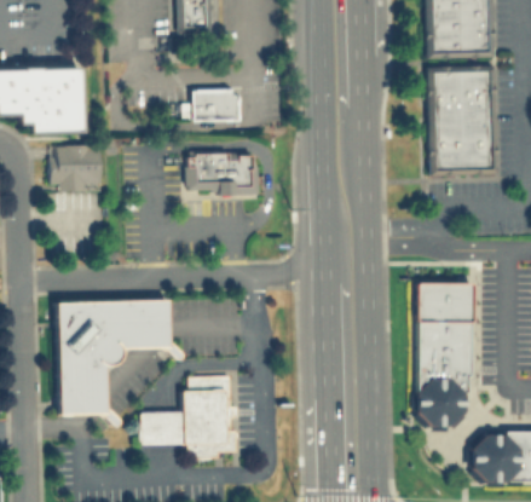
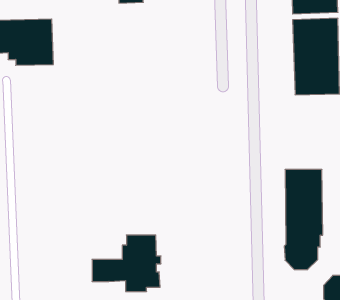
building: [183,88,239,121] -> none
building: [50,145,99,190] -> none
building: [185,152,259,195] -> none
building: [53,300,168,415] -> none

